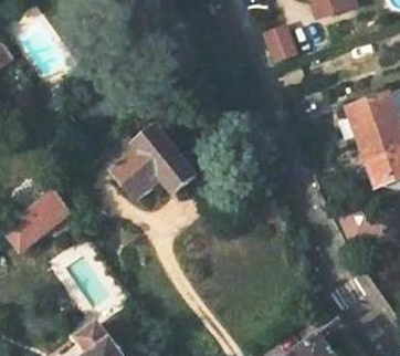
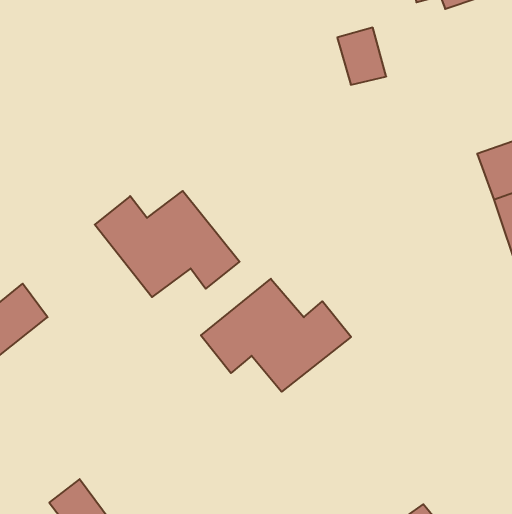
building: none -> [201,279,351,392]

